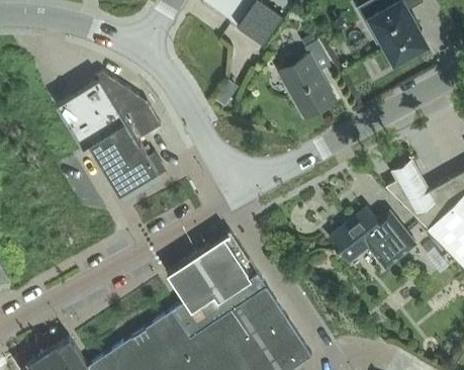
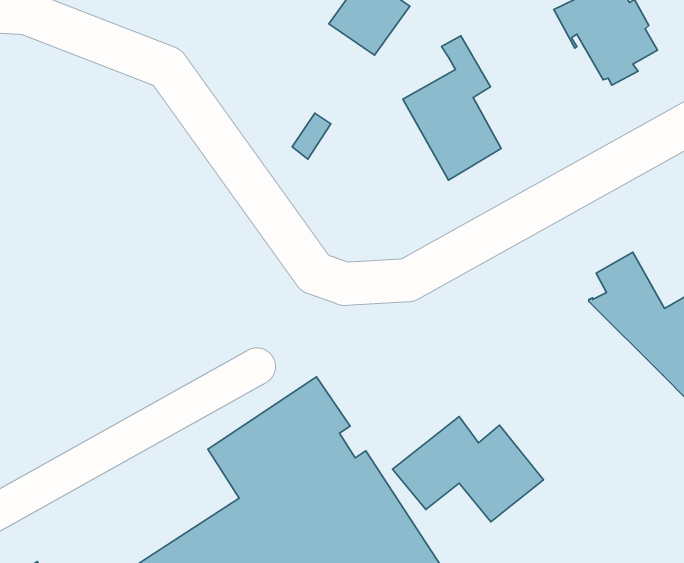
building: [57,73,161,196] -> none
building: [329,209,415,270] -> [392,416,544,522]

